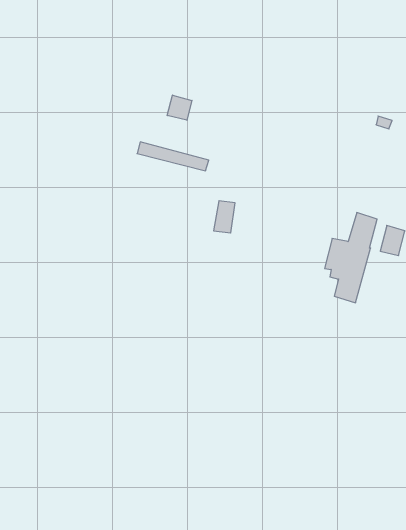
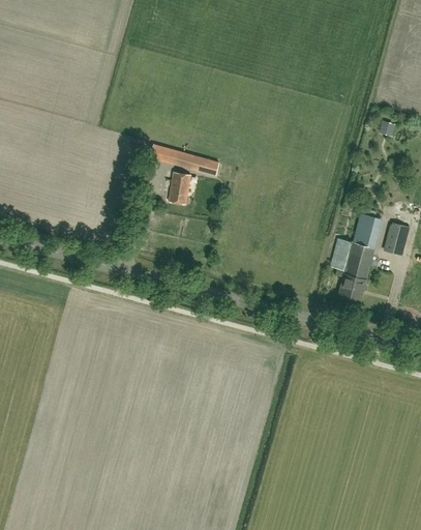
building: [167,95,192,120] -> none
building: [214,201,235,233] -> [169,172,189,203]

